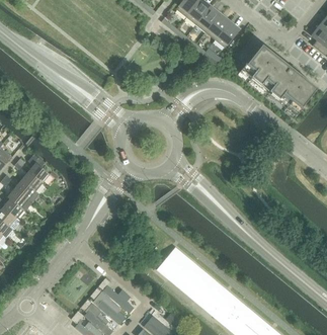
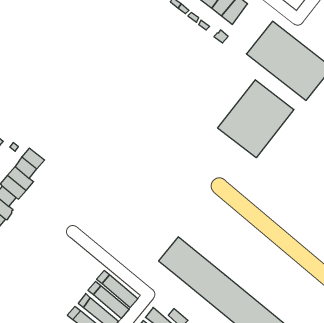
building: none -> [218,80,294,158]

